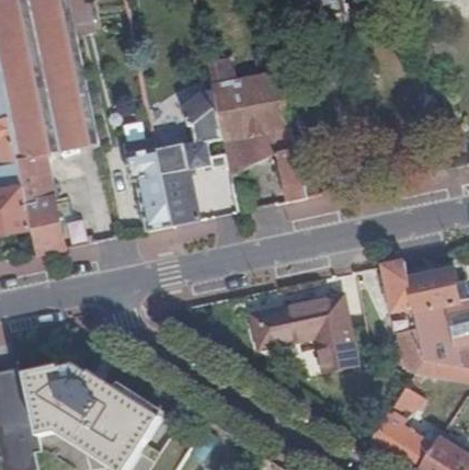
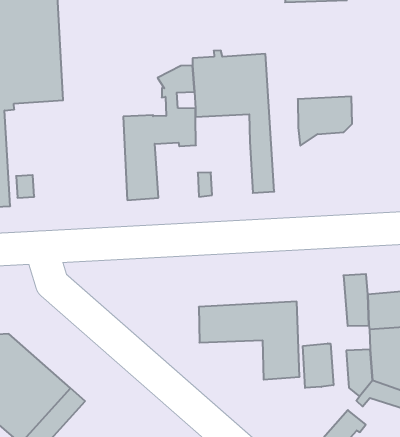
building: [224,128,277,181] -> [298,97,352,146]
building: [127,140,172,229] -> none
building: none -> [303,343,333,388]

